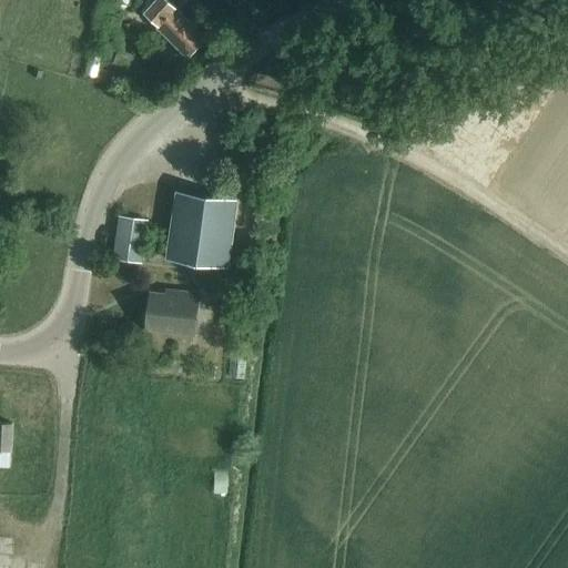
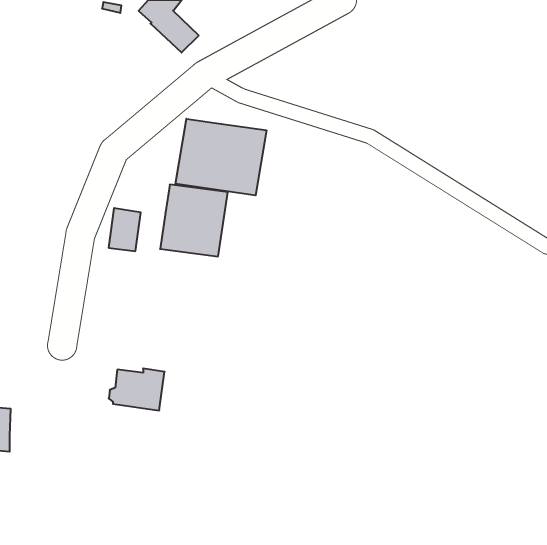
building: none -> [176,119,266,195]
building: [140,293,197,336] -> [109,368,165,410]

